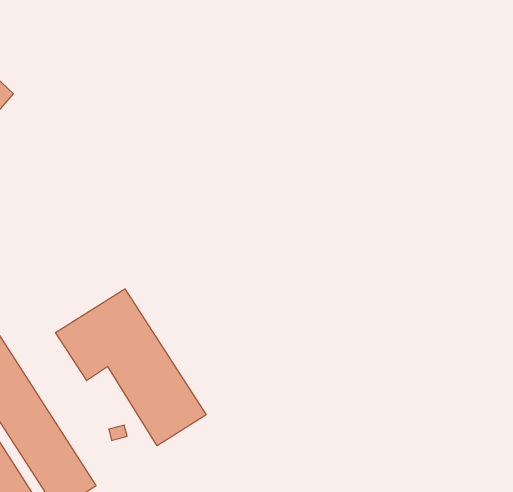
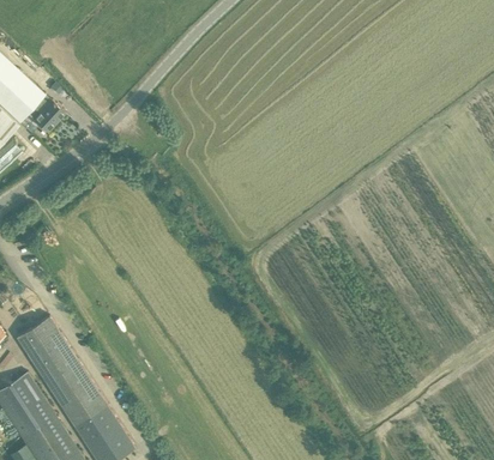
building: [56,289,206,446] -> none

